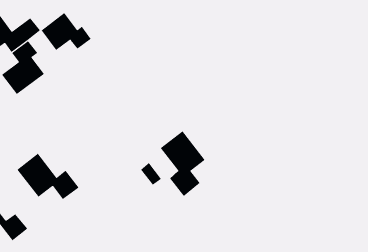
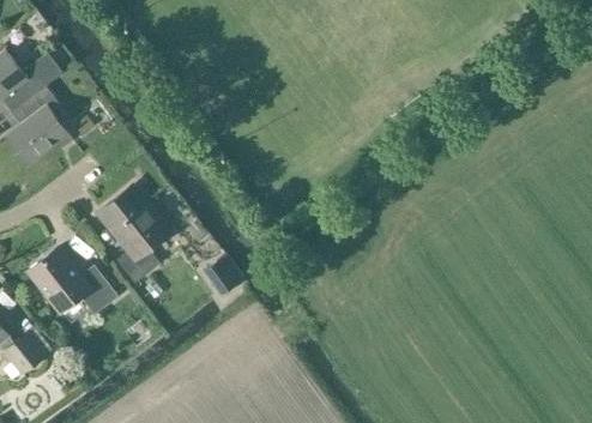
building: [41,12,91,51] -> none
building: [160,131,205,197] -> [101,188,165,283]

